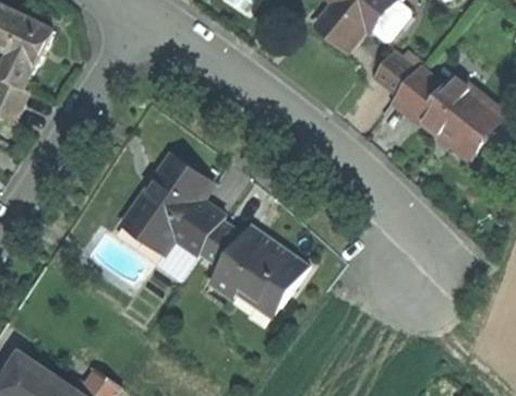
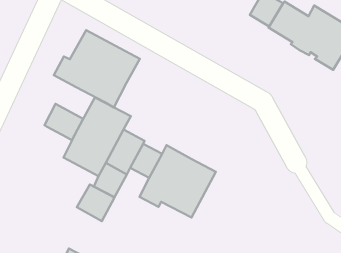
building: none -> [54,30,140,107]
building: none -> [44,104,83,140]
building: none -> [77,185,114,221]

